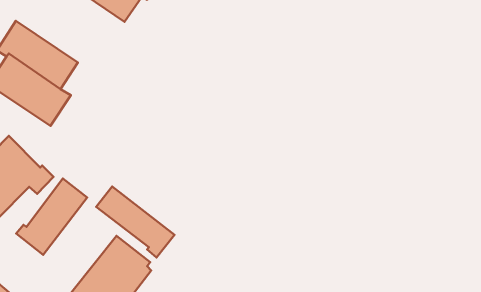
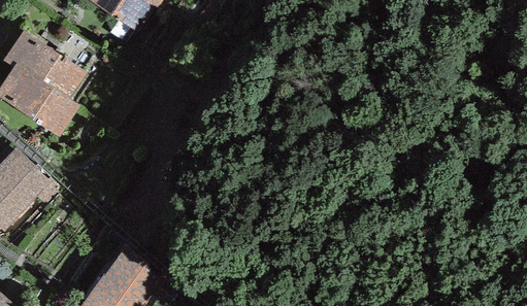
building: [16,178,87,255] -> none
building: [96,187,174,258] -> none

